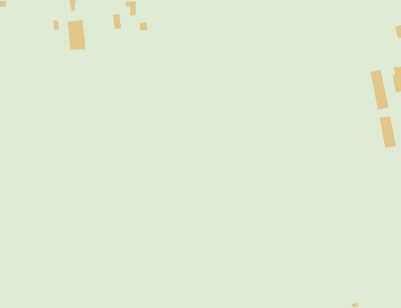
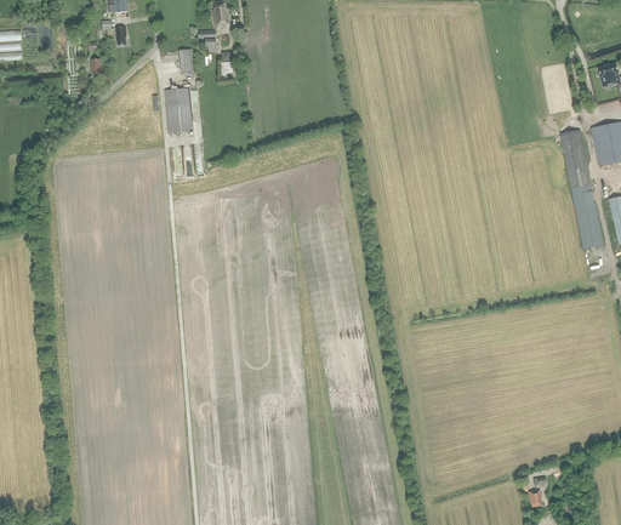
building: [67,20,86,50] -> [165,87,193,132]

